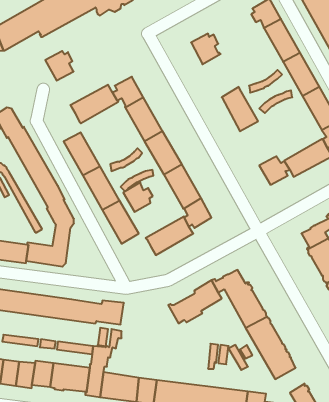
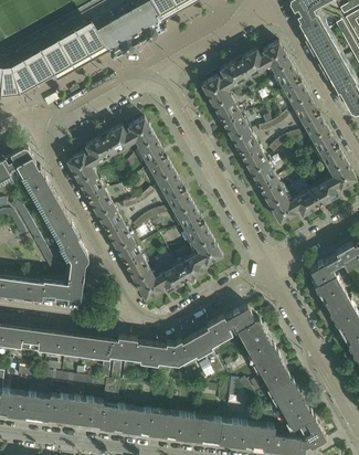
building: none -> [220,51,266,88]
building: [45,51,74,81] -> [67,154,95,182]
building: none -> [213,97,249,139]
building: none -> [250,162,286,205]
building: [123,182,153,212] -> [135,272,163,300]
building: none -> [134,339,190,366]
building: none -> [284,402,313,430]

